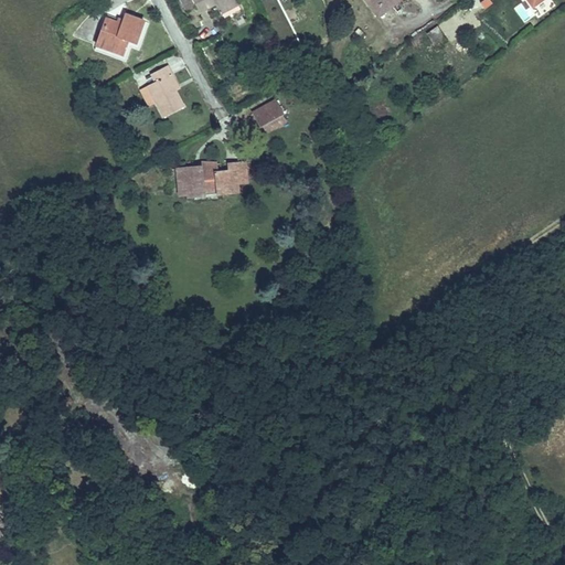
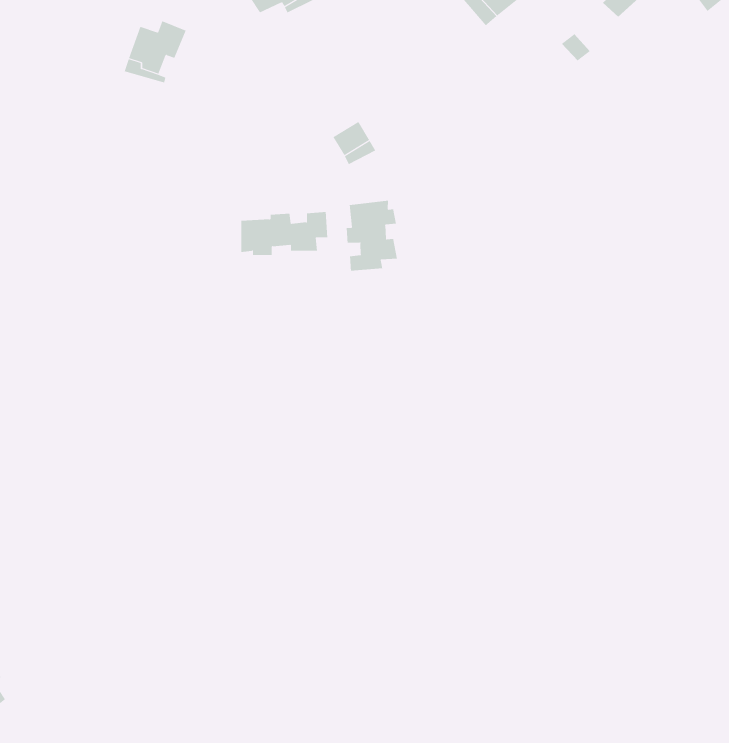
building: [145,61,182,114] -> none
building: none -> [346,200,398,272]

